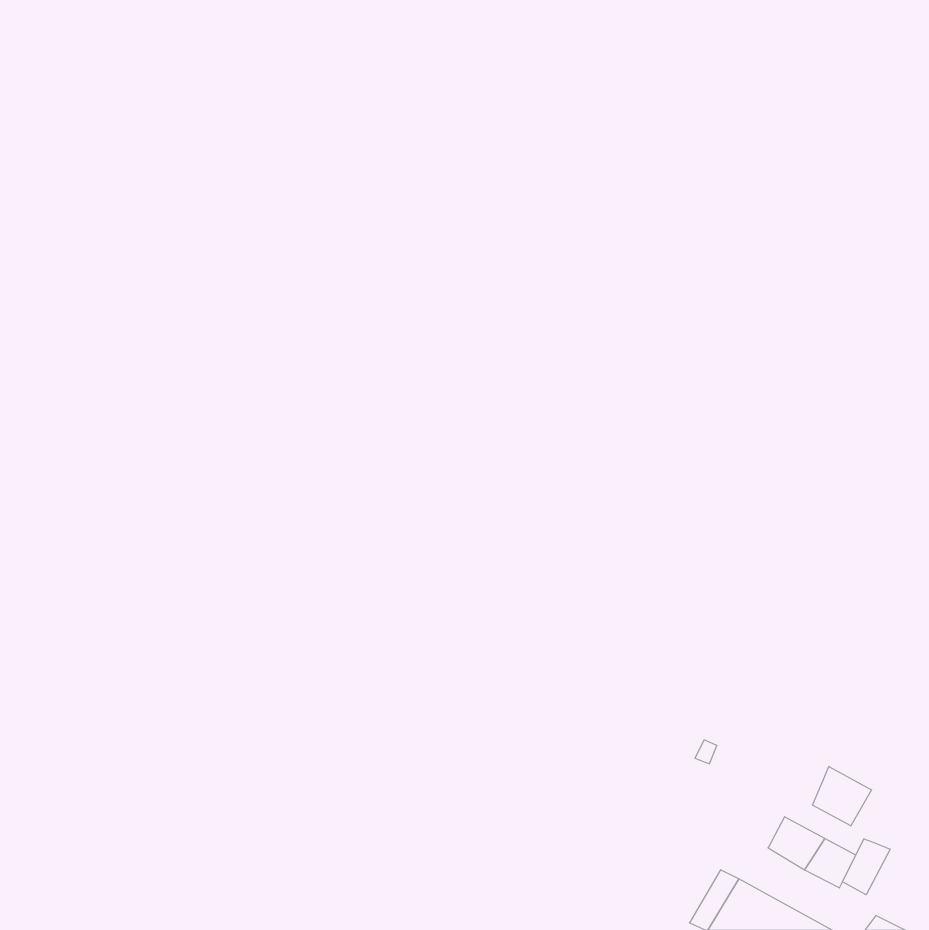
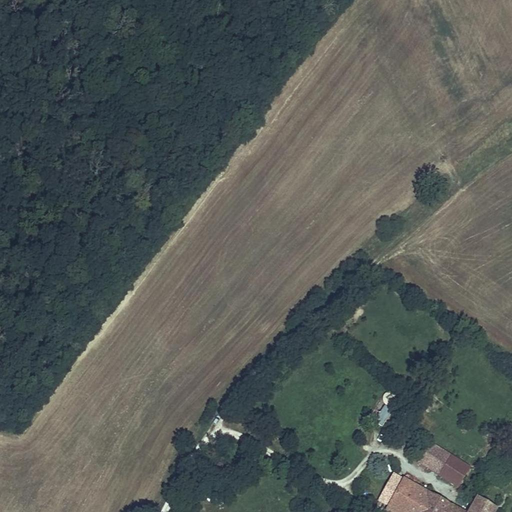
building: [812,766,872,826] -> none
building: [843,839,890,895] -> none

